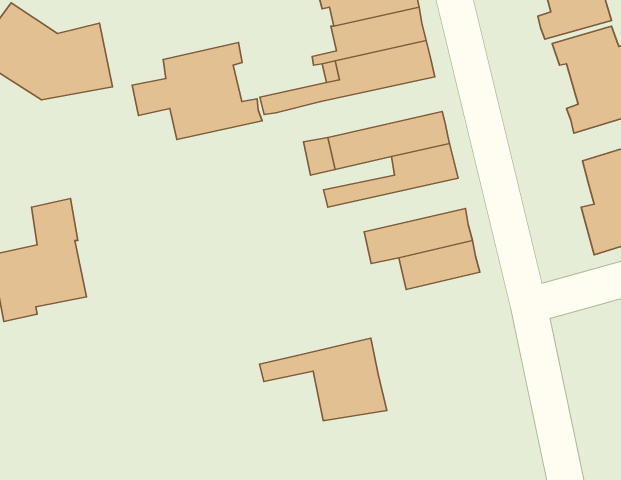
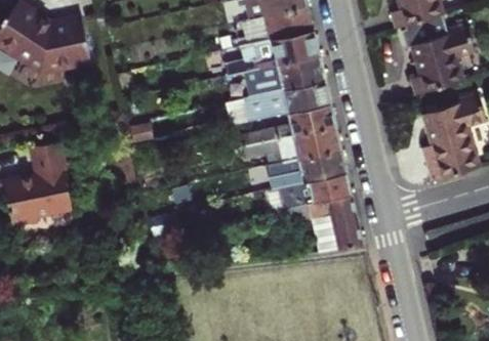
building: [132,42,262,140] -> none
building: none -> [240,55,323,97]
building: none -> [242,127,339,165]
building: [260,338,387,421] -> [271,194,361,252]

